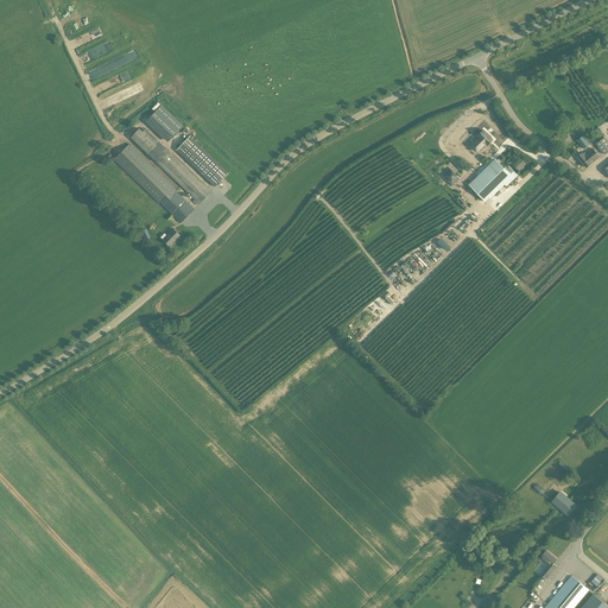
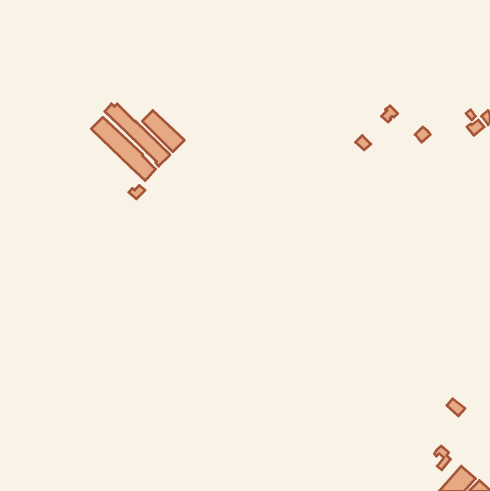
building: [146,106,182,141] -> none
building: [468,159,515,201] -> none

